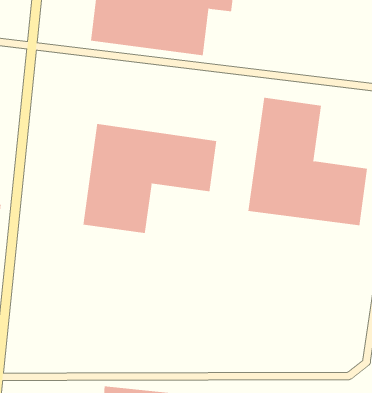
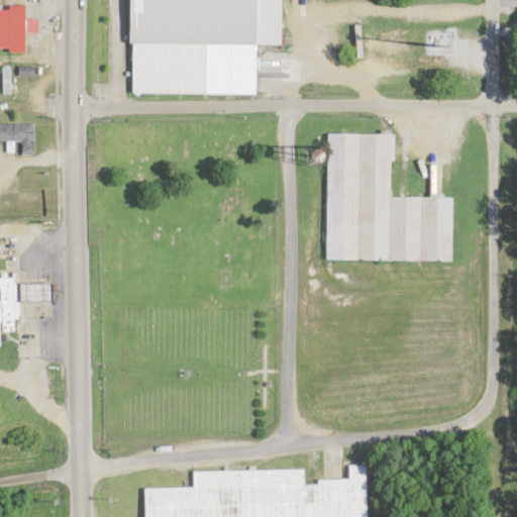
building: [83,123,217,234] -> none

